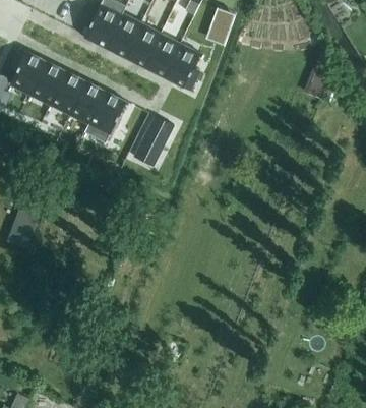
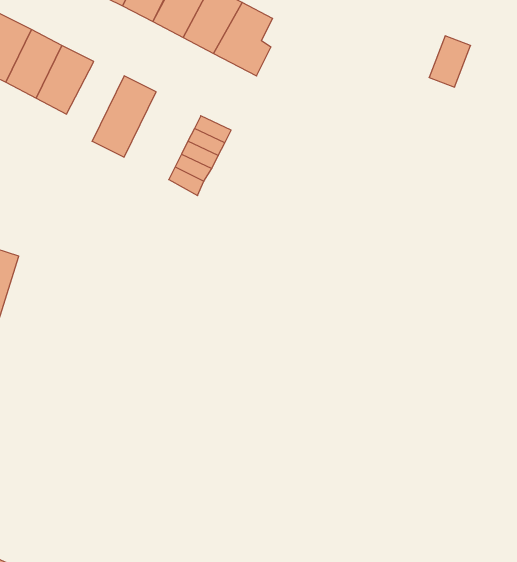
building: [70,81,107,132] -> none

